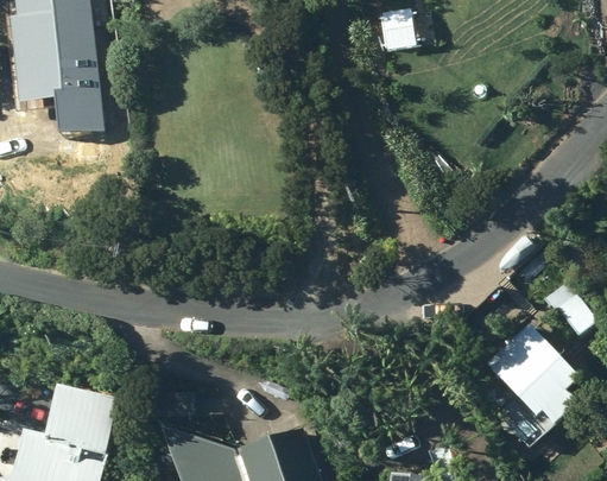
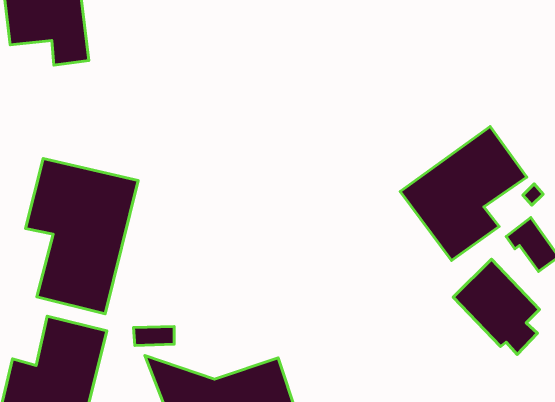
building: none -> [400,126,527,261]
building: none -> [26,158,138,314]

